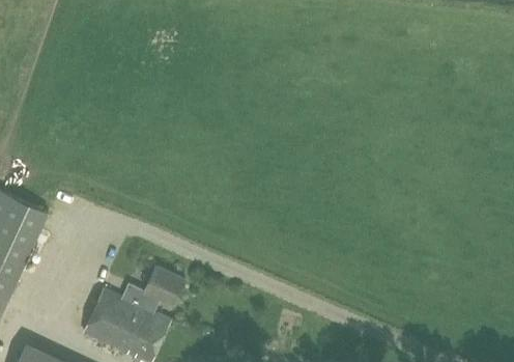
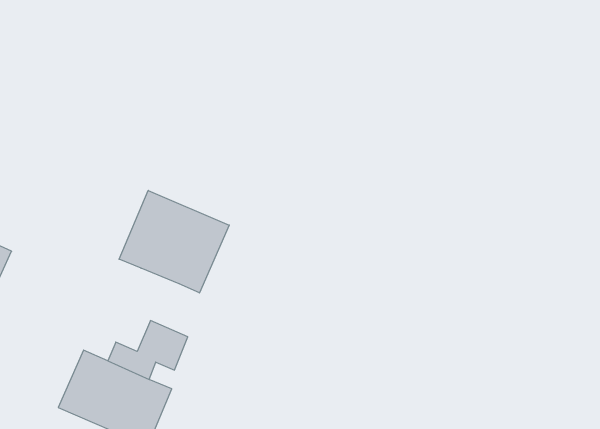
building: none -> [119,190,229,293]

